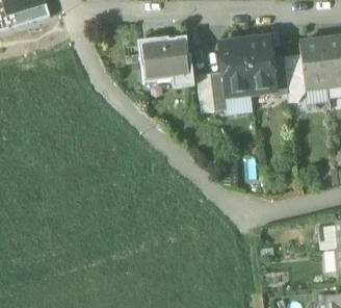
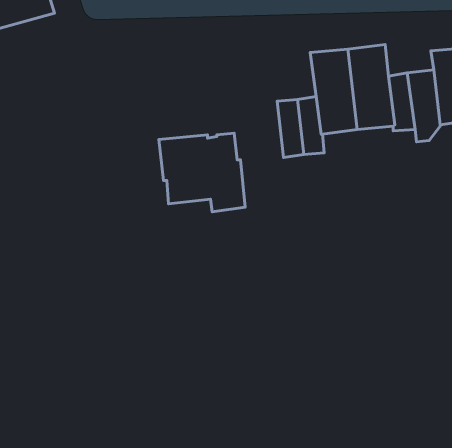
building: [137,36,194,88] -> [159,133,245,212]

